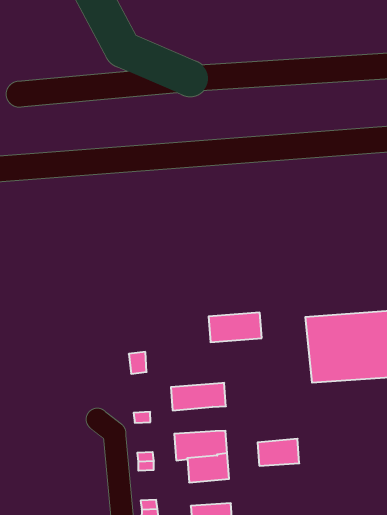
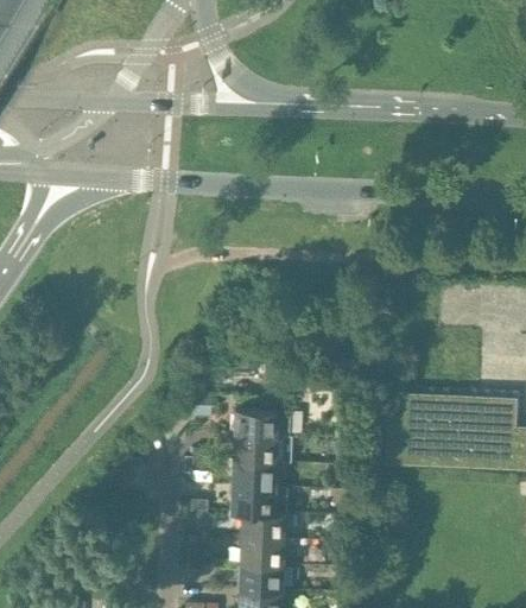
building: [209,313,262,342] -> [235,417,291,446]
building: none -> [233,469,277,496]
building: [258,439,299,466] -> [241,547,285,575]

